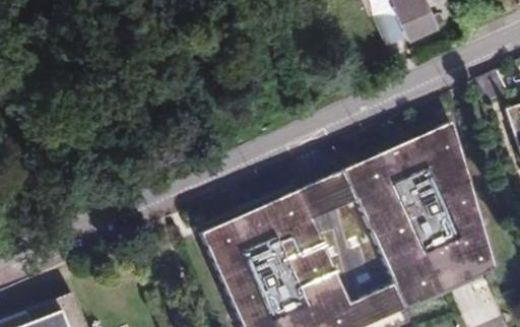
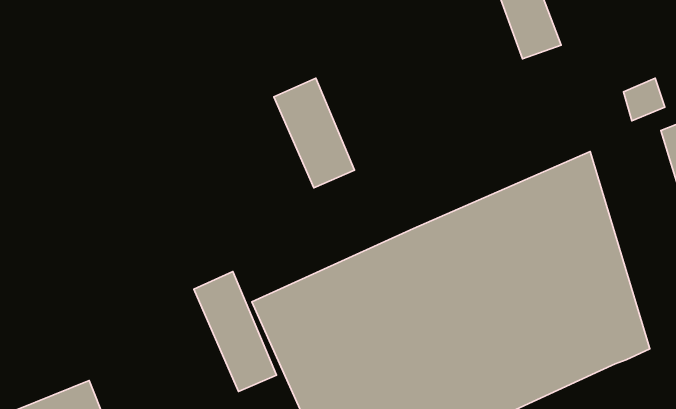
building: none -> [274,78,355,188]
building: none -> [194,272,277,392]

